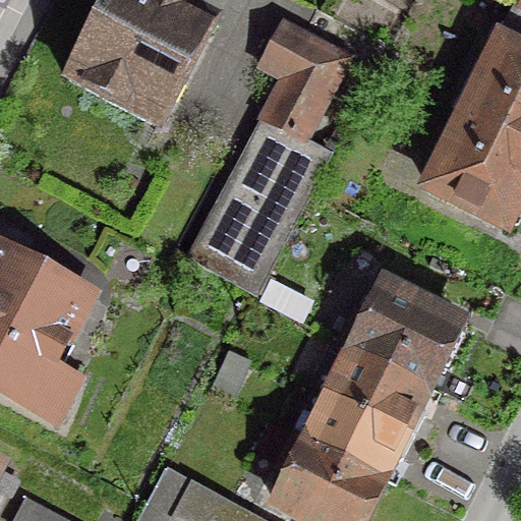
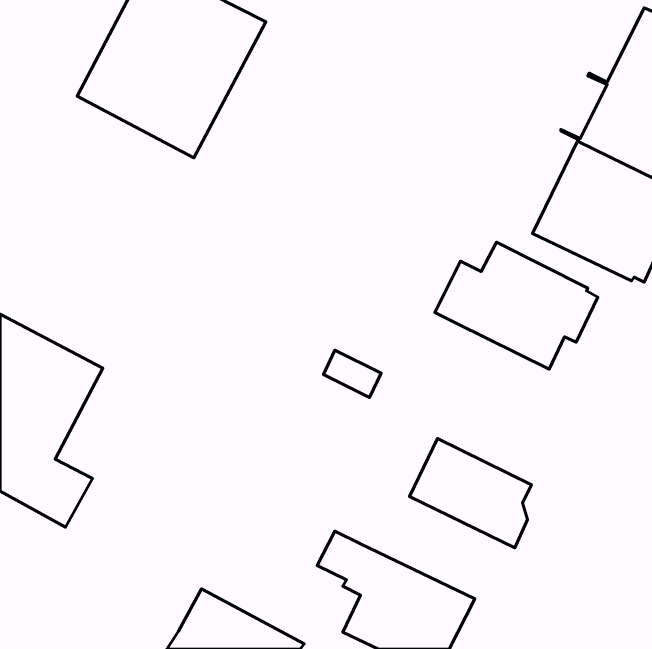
building: [186,23,346,294] -> none
building: [334,284,463,385] -> [435,242,598,369]
building: [289,394,411,475] -> none

